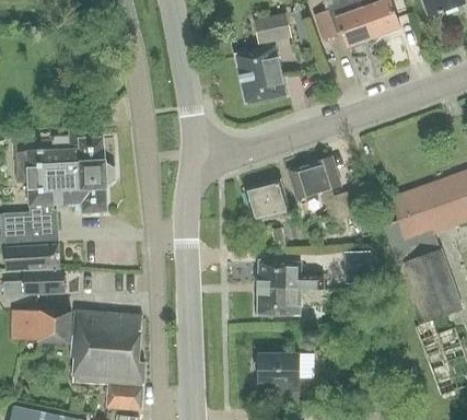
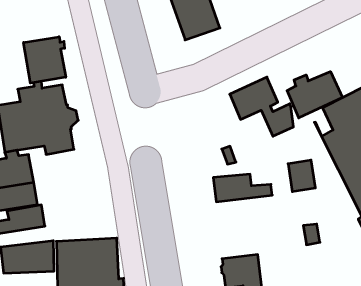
building: none -> [24,37,66,83]
building: none -> [287,72,343,118]
building: [244,178,289,221] -> none
building: [257,288,322,314] -> none

